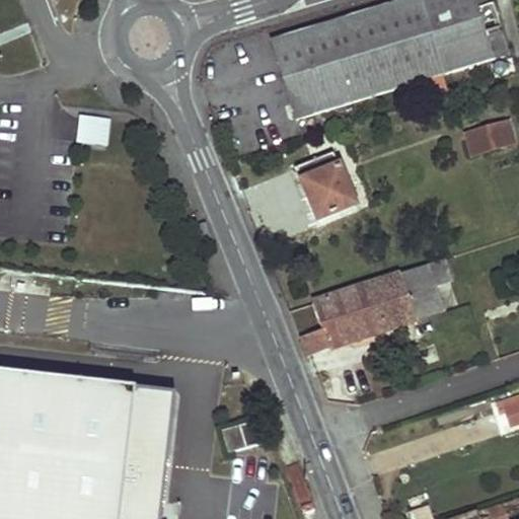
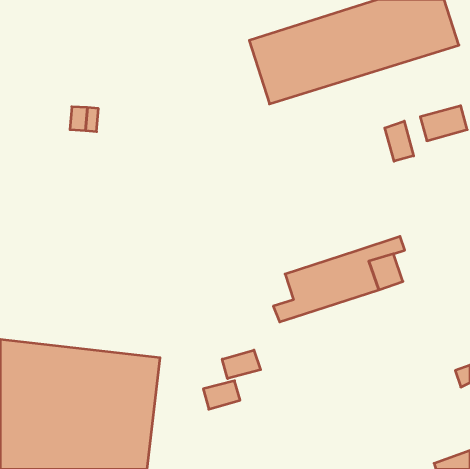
building: none -> [385,121,414,161]
building: [294,150,356,218] -> none
building: none -> [222,350,261,379]

